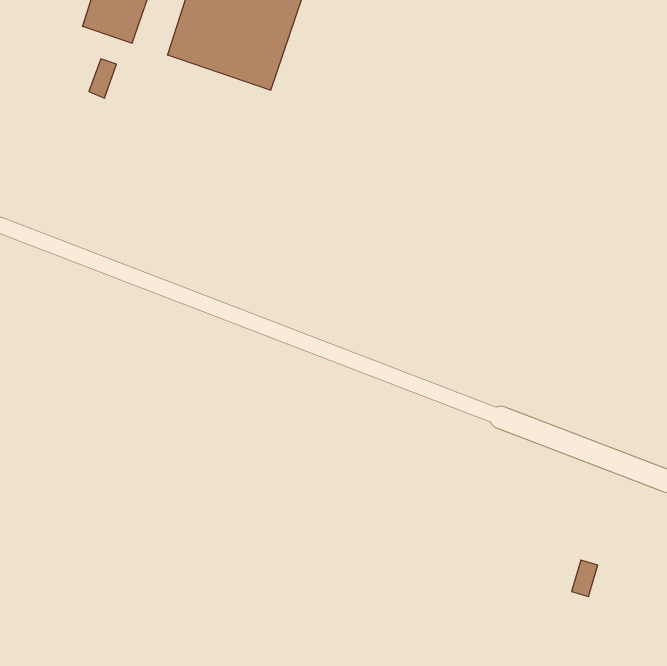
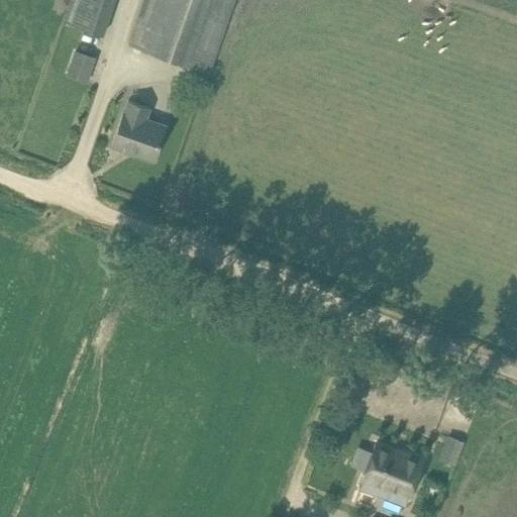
building: none -> [112,98,167,159]
building: none -> [360,439,424,503]

